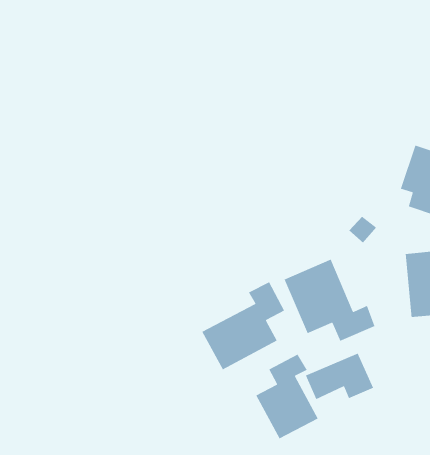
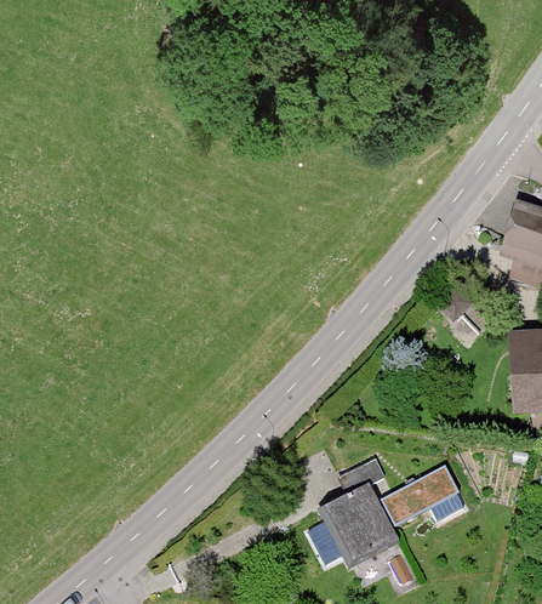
building: [284,259,376,342] -> none
building: [201,281,285,370] -> none

